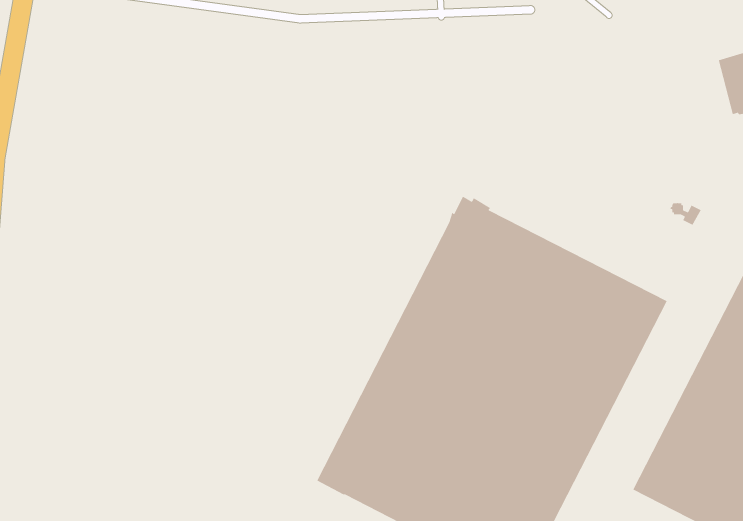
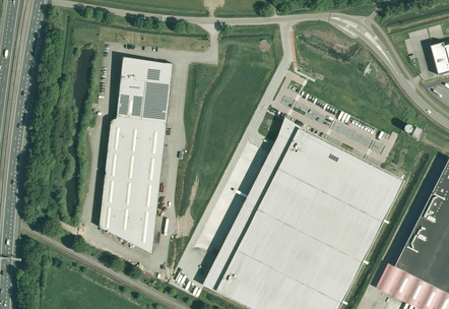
building: none -> [100,56,174,252]

